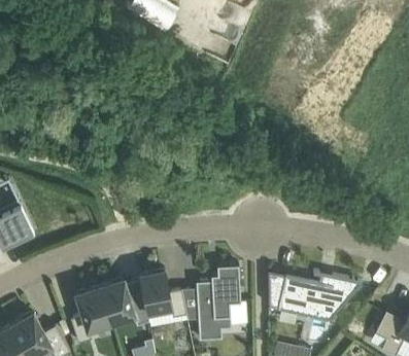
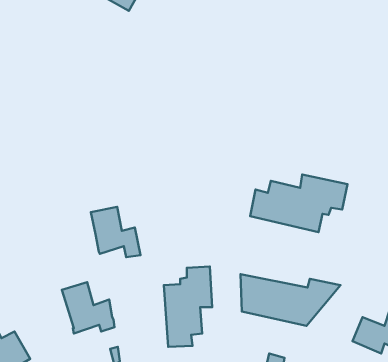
building: none -> [250,174,347,232]
building: [140,271,186,318] -> [91,207,140,257]
building: [71,287,111,345] -> none

